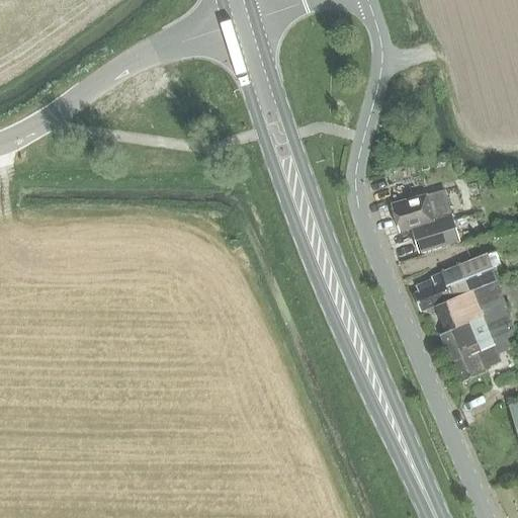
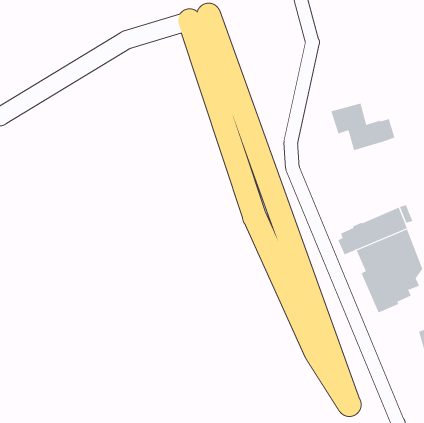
building: [391,192,469,251] -> [330,103,395,151]

